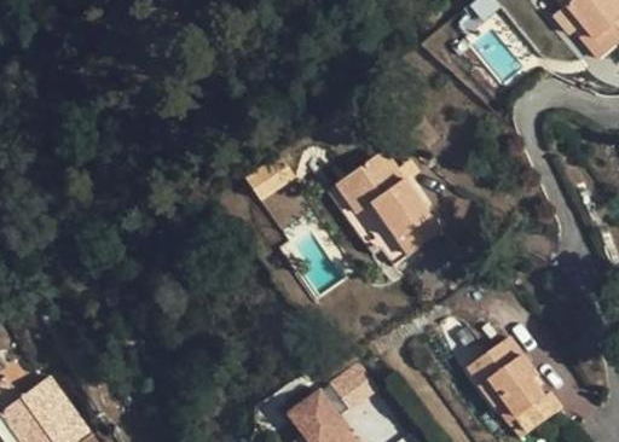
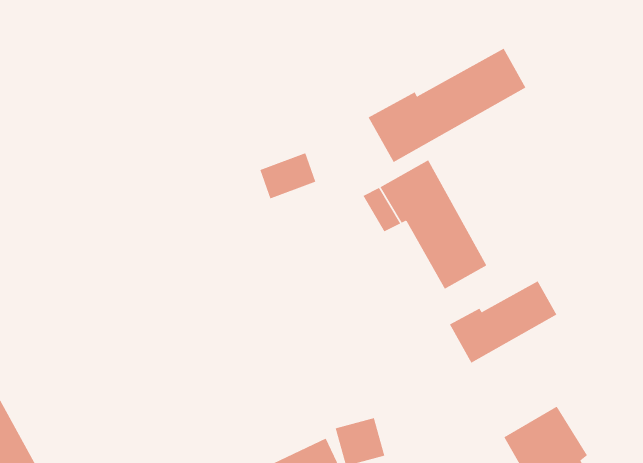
building: none -> [368,48,526,163]
building: none -> [449,281,557,364]

